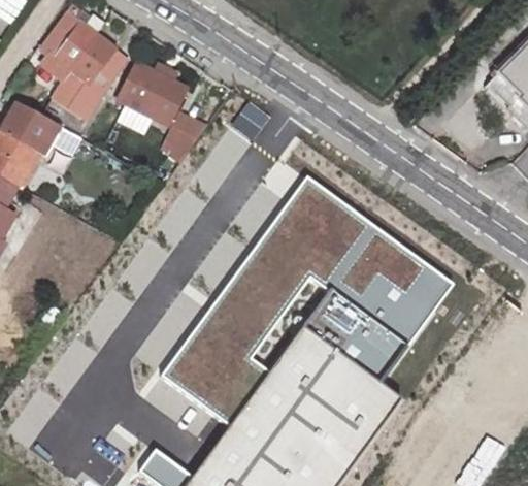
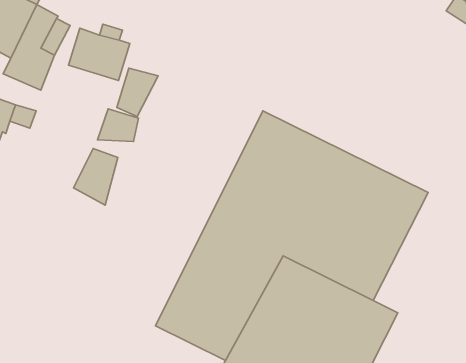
building: none -> [98,109,138,142]
building: none -> [74,148,118,205]

